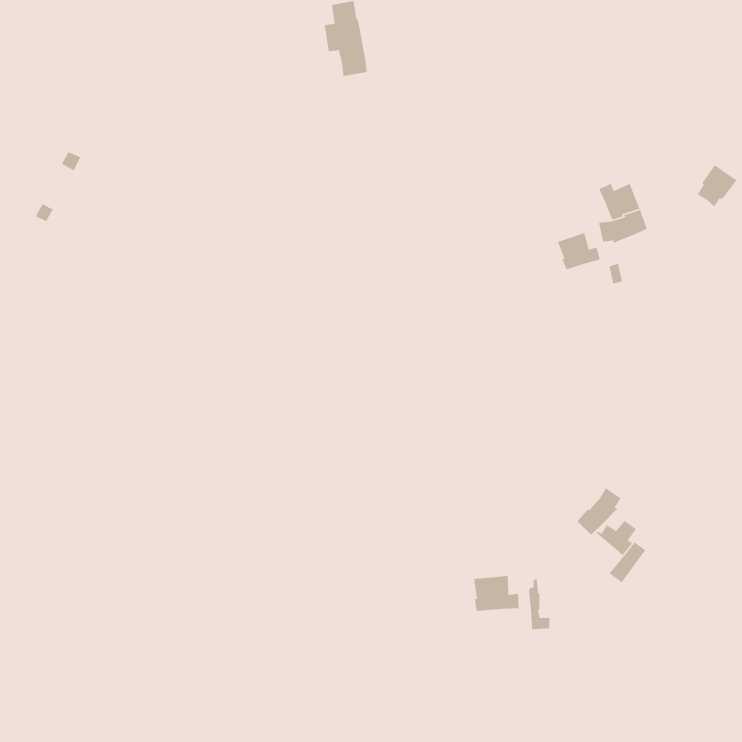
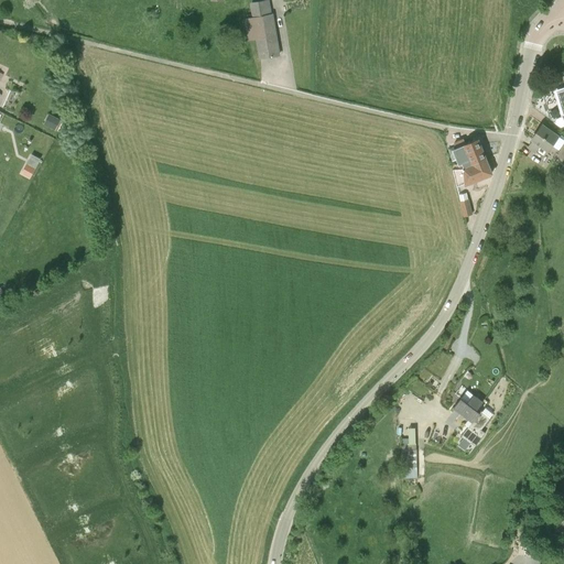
building: [557,232,601,271] -> none
building: [577,487,621,535] -> none
building: [473,575,520,612] -> none

